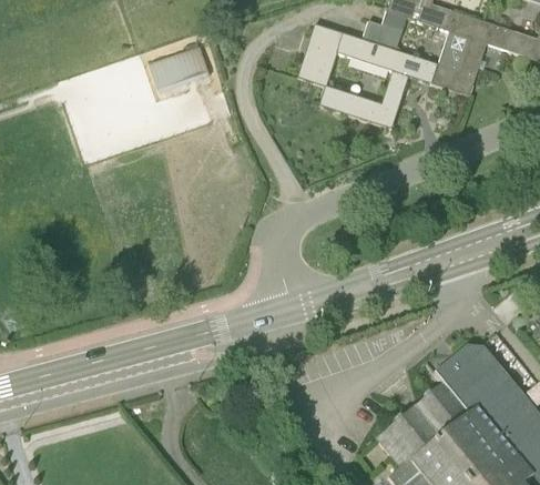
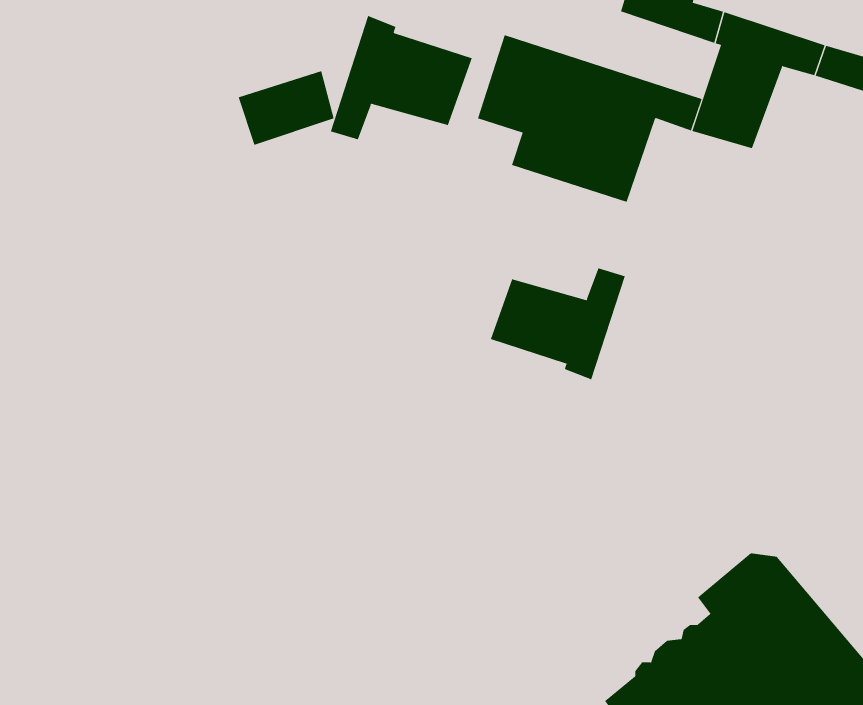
building: [363,10,406,50] -> none
building: none -> [330,15,473,140]
building: none -> [490,268,625,380]

